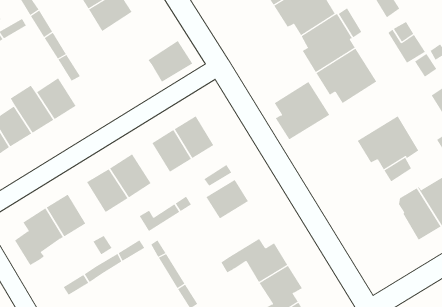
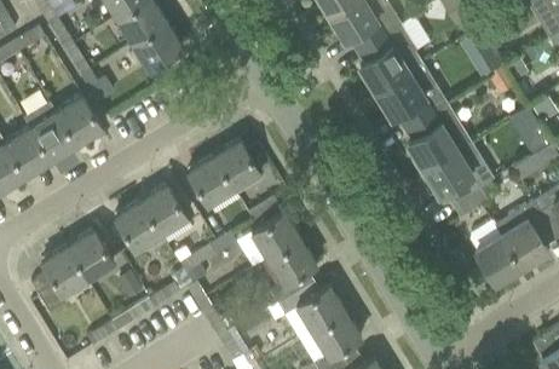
building: [148,40,193,83] -> [131,22,183,70]
building: [274,81,330,140] -> [405,102,469,169]
building: none -> [265,238,315,302]

